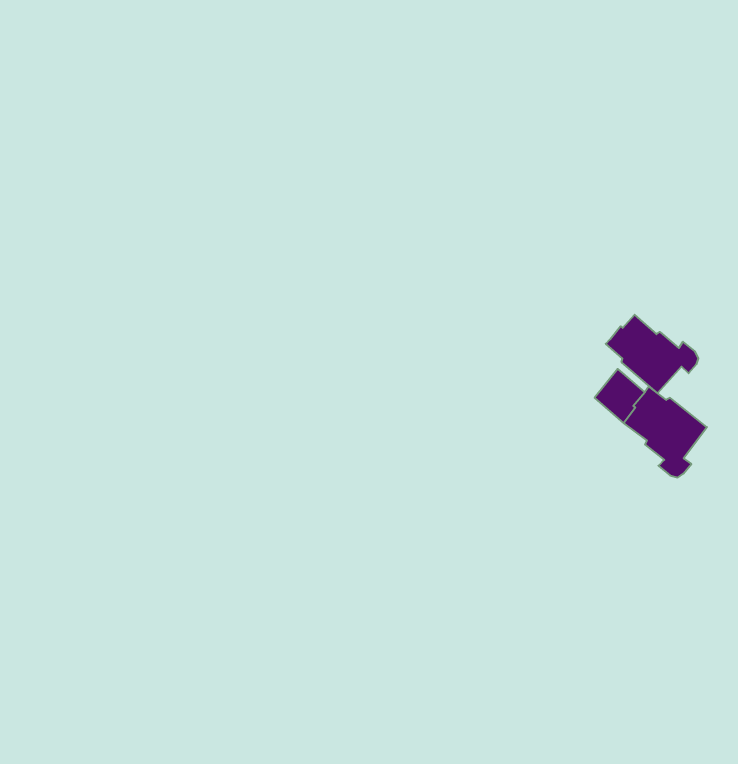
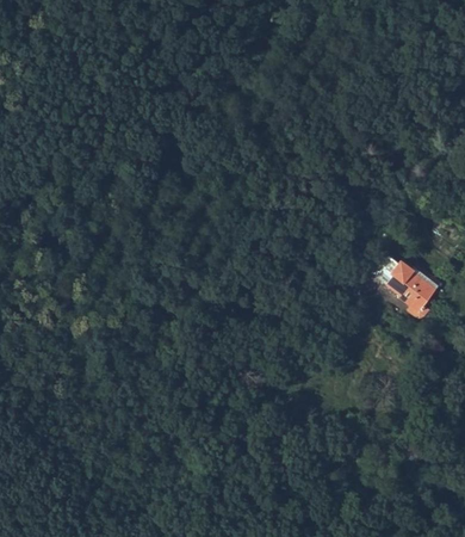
building: [606,315,698,393] -> none

